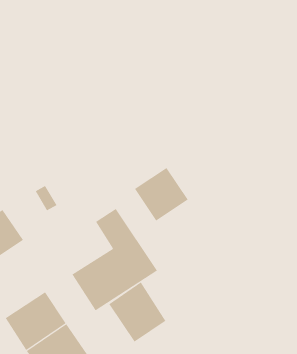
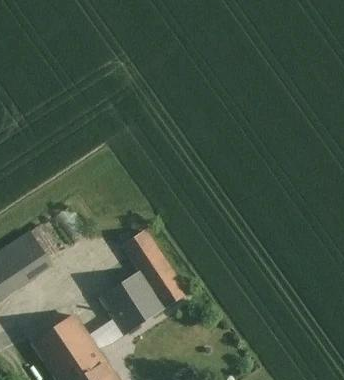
building: [134,167,188,221] -> none
building: [109,282,166,343] -> none

